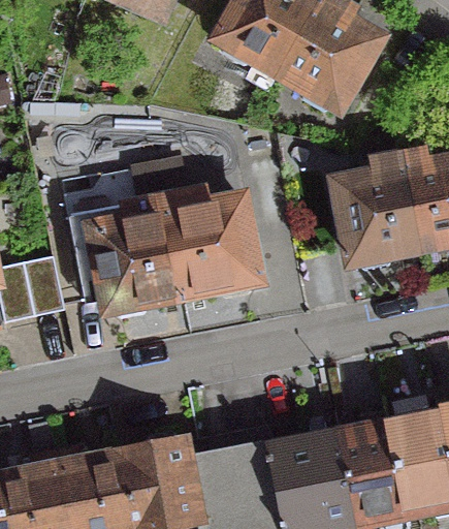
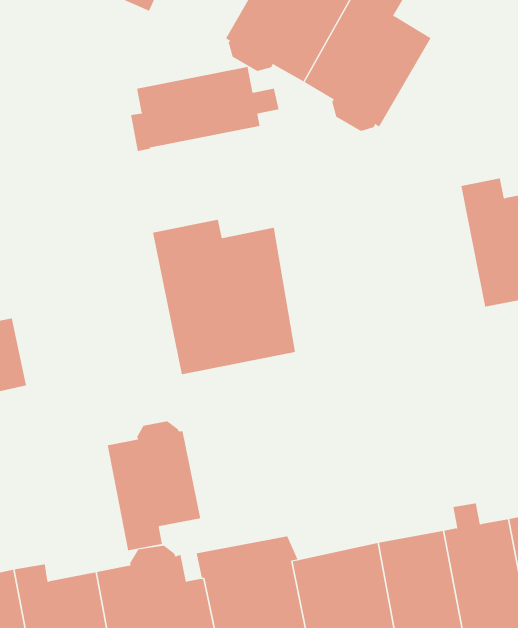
building: none -> [131,66,279,152]
building: [331,156,415,272] -> none
building: [83,192,180,318] -> none
building: none -> [107,420,201,551]

